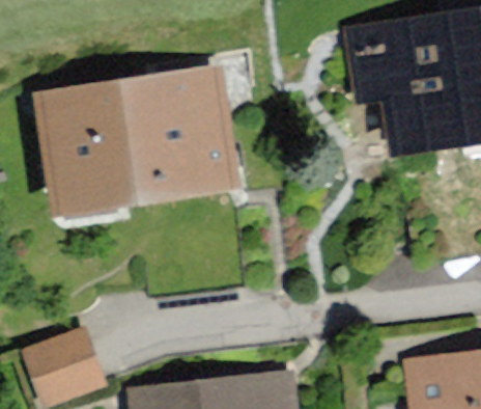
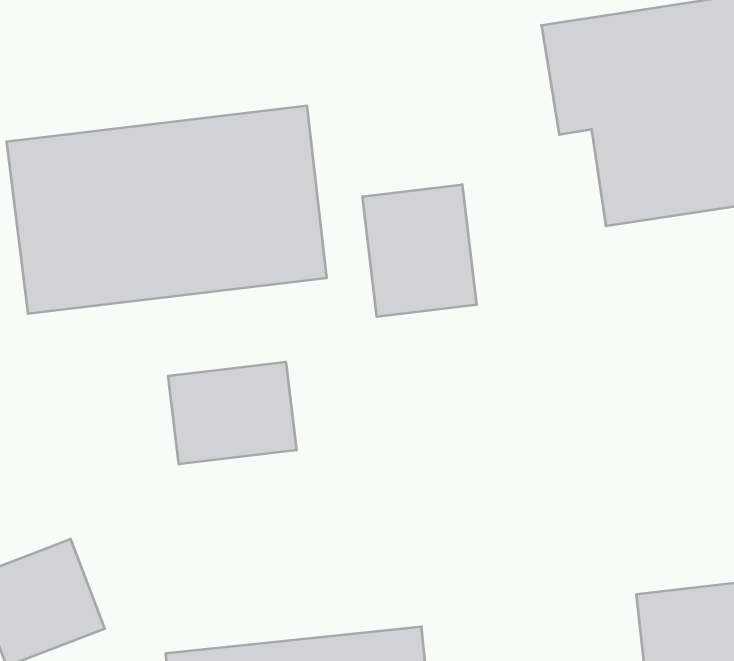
building: none -> [363,184,477,317]
building: none -> [168,362,296,464]

